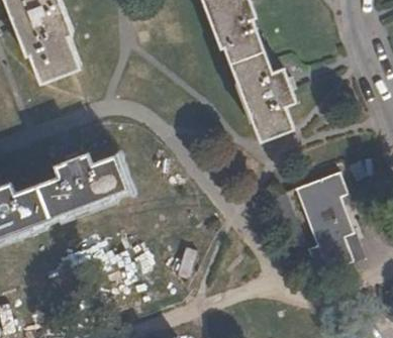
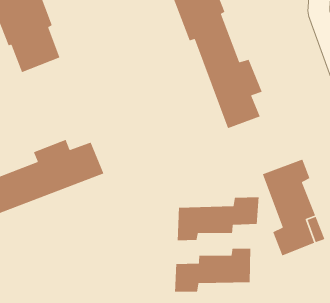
building: none -> [177,196,260,241]
building: none -> [174,248,251,292]

